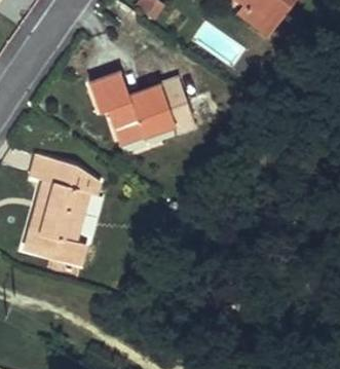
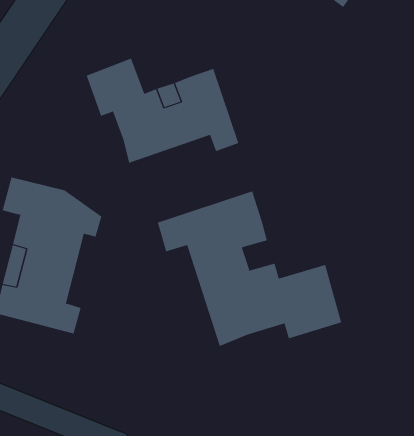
building: none -> [157,190,342,347]

